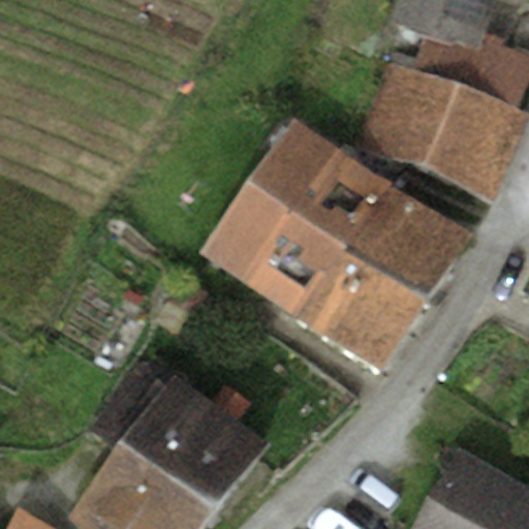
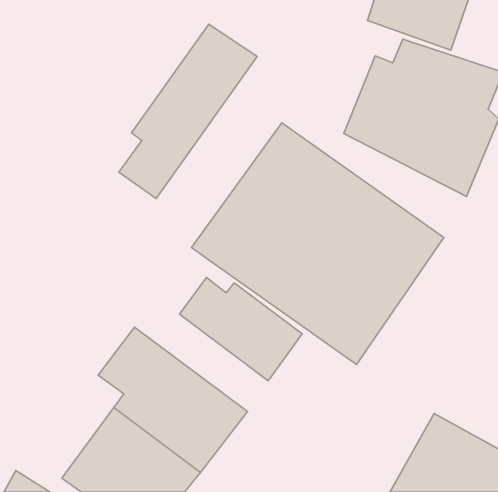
building: none -> [119,24,257,198]
building: none -> [179,278,302,381]

